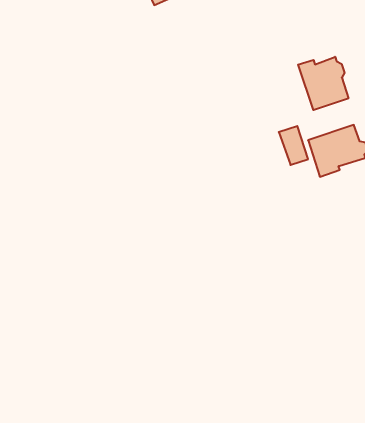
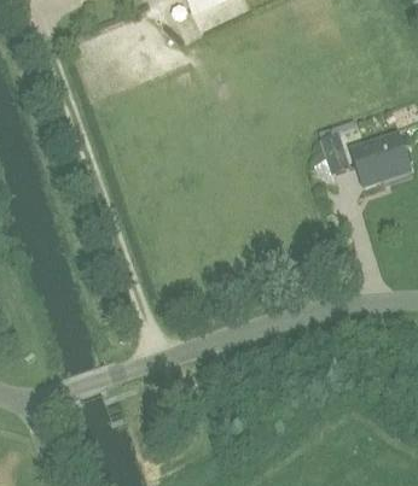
building: [298,57,348,110] -> none

